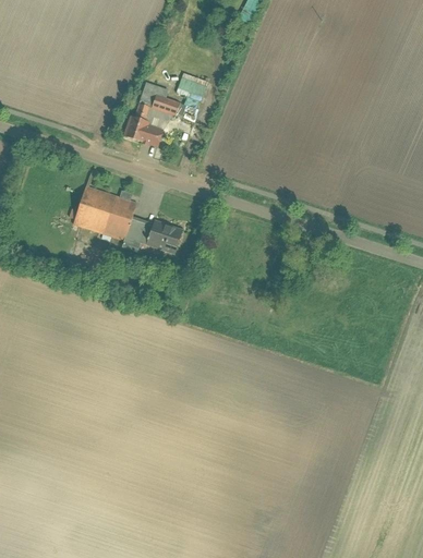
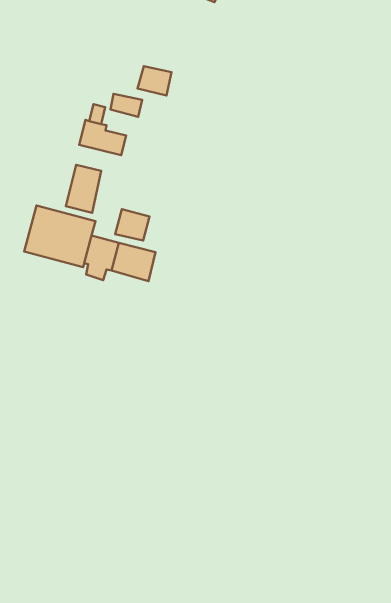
building: none -> [66,165,101,213]
building: none -> [115,209,149,240]

